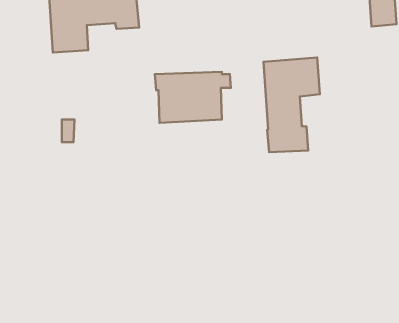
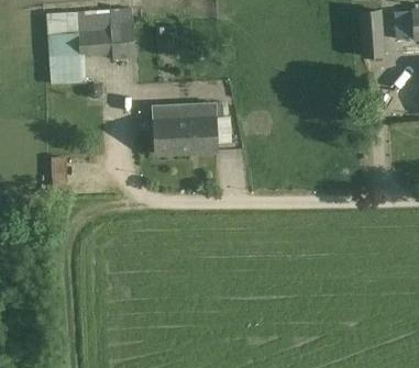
building: [264,57,320,152] -> none

